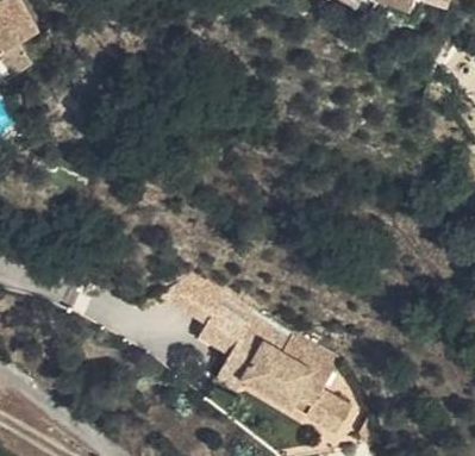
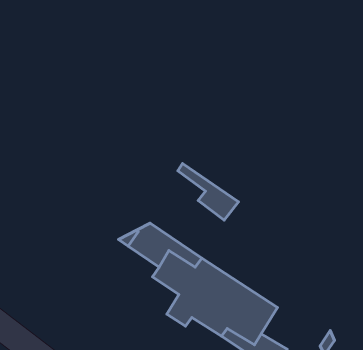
building: none -> [178,164,238,220]

